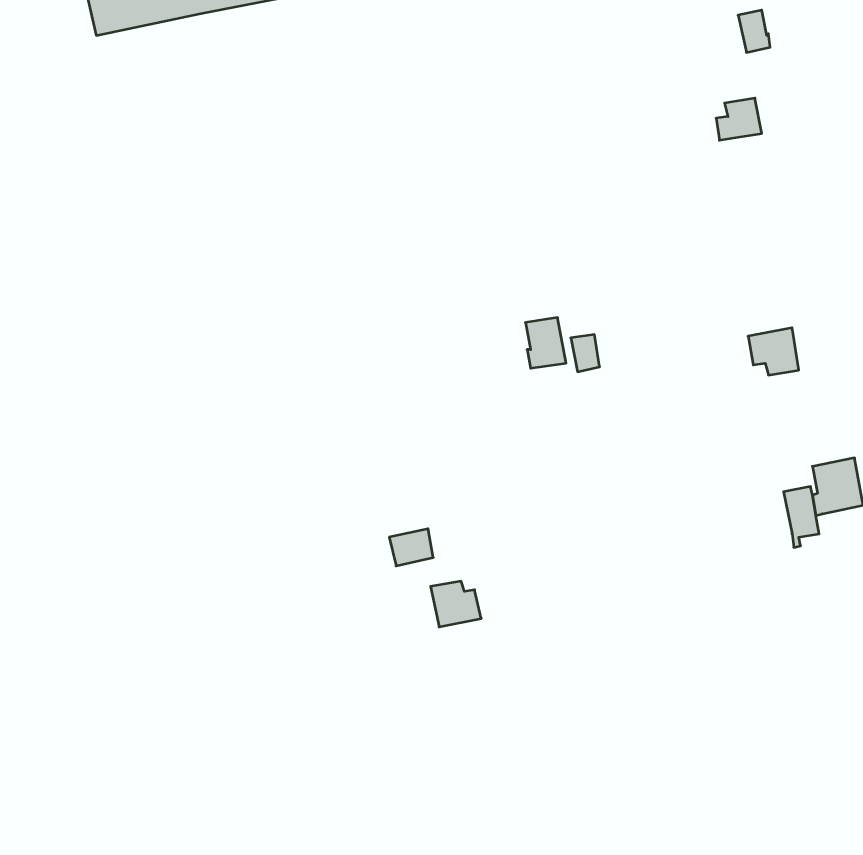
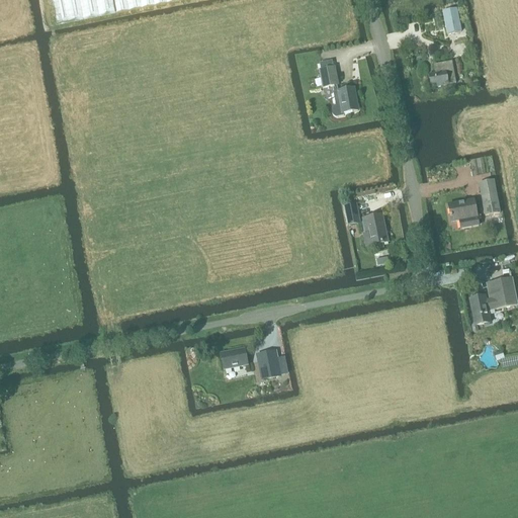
building: none -> [319,57,357,113]
building: none -> [479,176,500,212]
building: [525,318,566,368] -> [363,211,387,242]
building: [389,529,433,566] -> [221,345,247,367]

